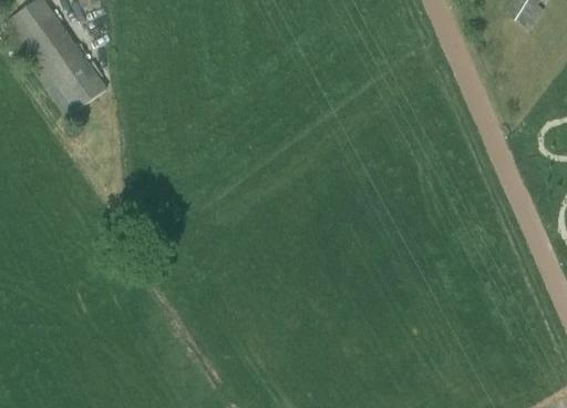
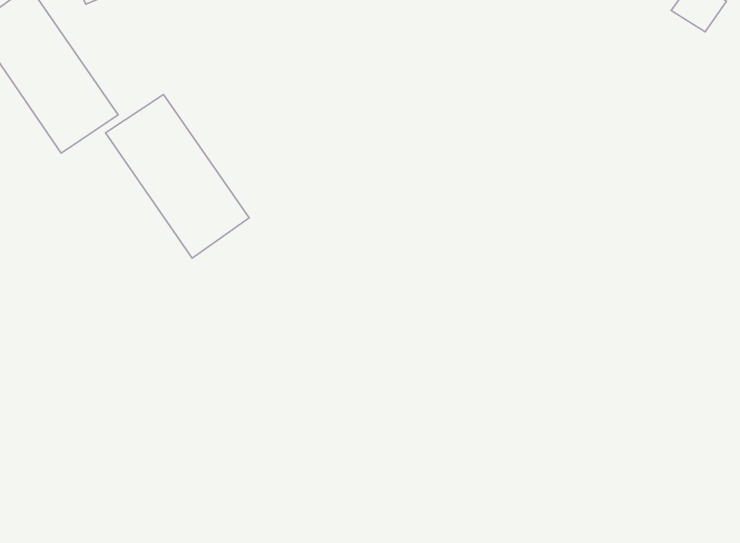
building: none -> [106,94,249,258]

